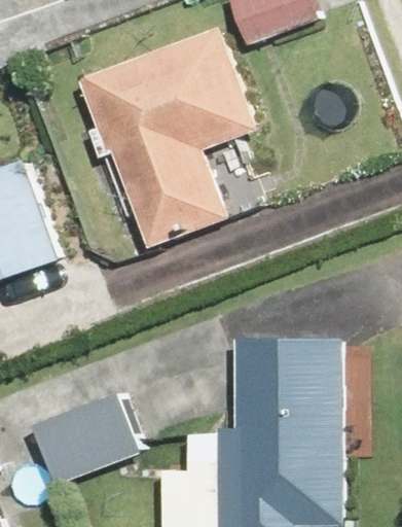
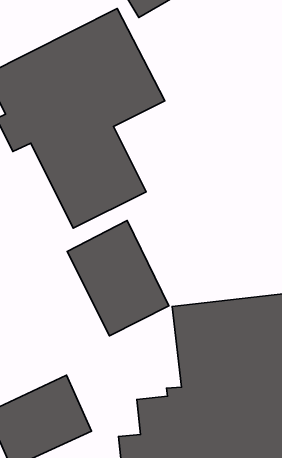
building: none -> [67,220,169,336]

